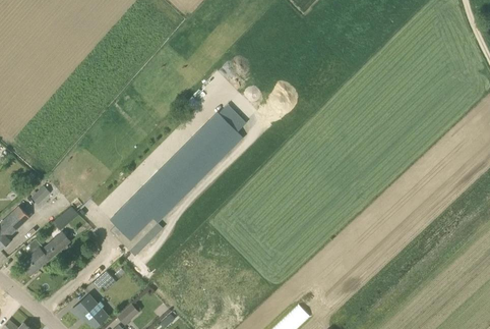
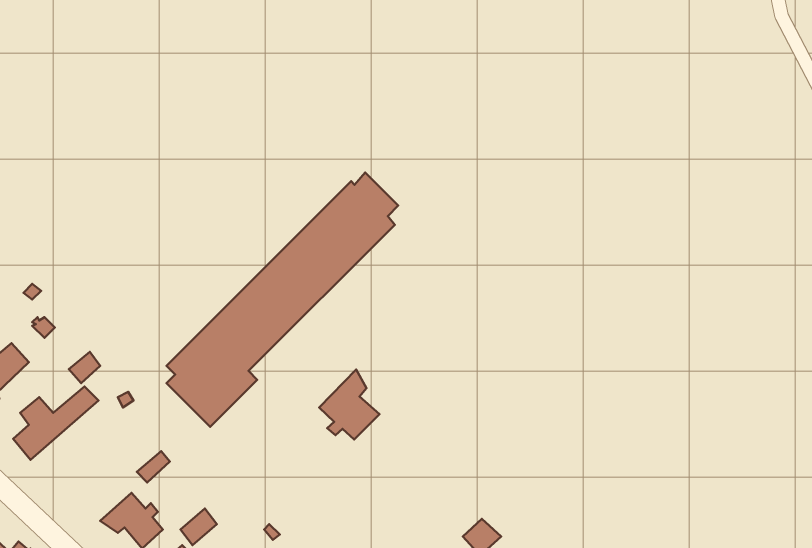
building: none -> [319,370,379,440]

